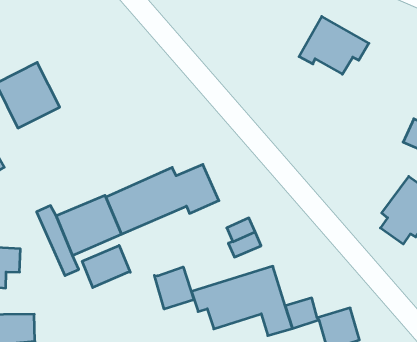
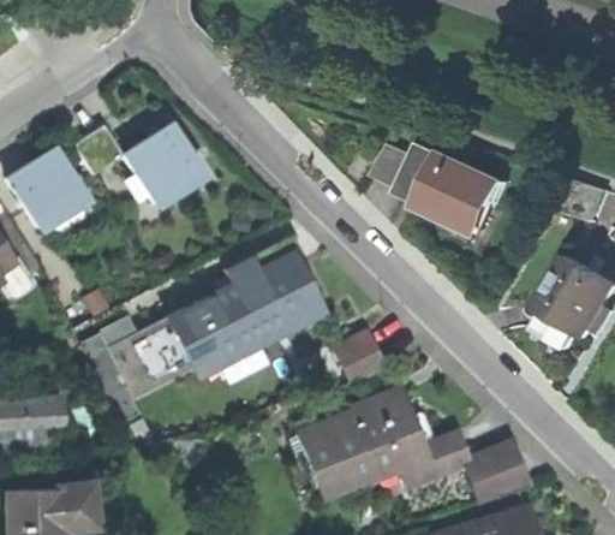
building: [299,16,369,74] -> [419,154,512,230]
building: none -> [80,120,214,210]
building: none -> [374,147,425,195]
building: [82,245,130,288] -> none
building: [154,267,194,309] -> none

